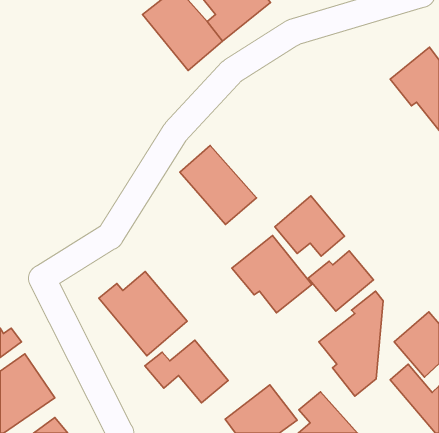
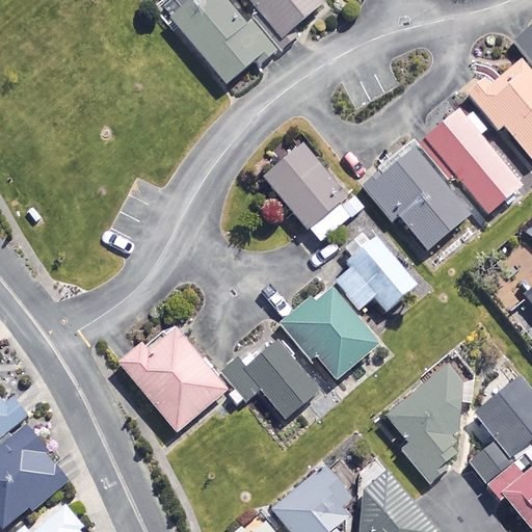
building: none -> [424,112,522,215]
building: none -> [369,149,470,249]
building: [180,146,256,225] -> [265,145,357,241]
building: [308,251,373,311] -> none
building: [145,340,228,403] -> [217,343,318,419]

